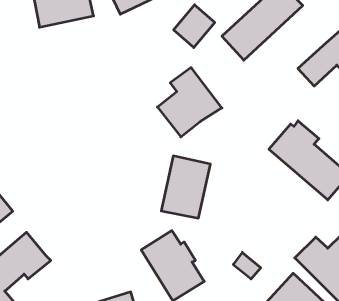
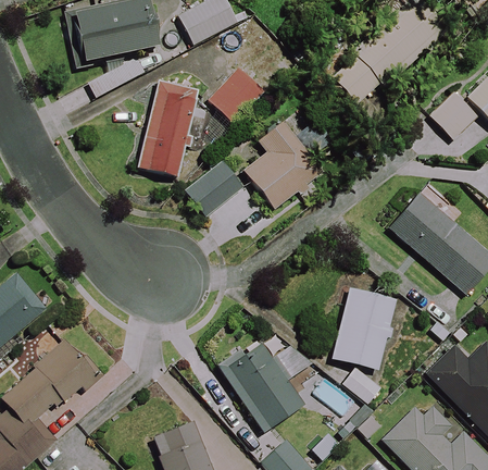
building: [174,5,215,48] -> [208,65,263,123]
building: none -> [139,82,199,175]
building: none -> [186,160,242,213]
building: [161,156,210,218] -> [331,286,398,370]

